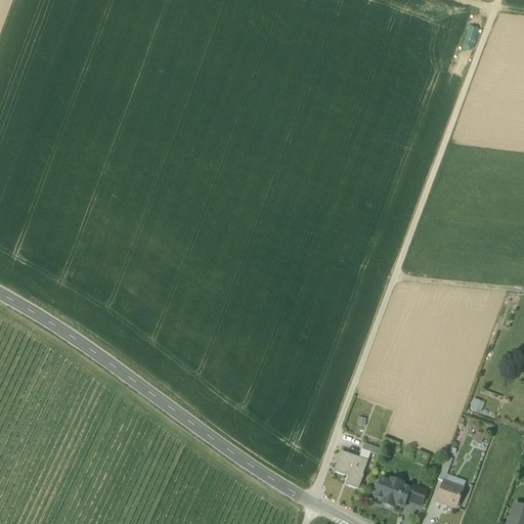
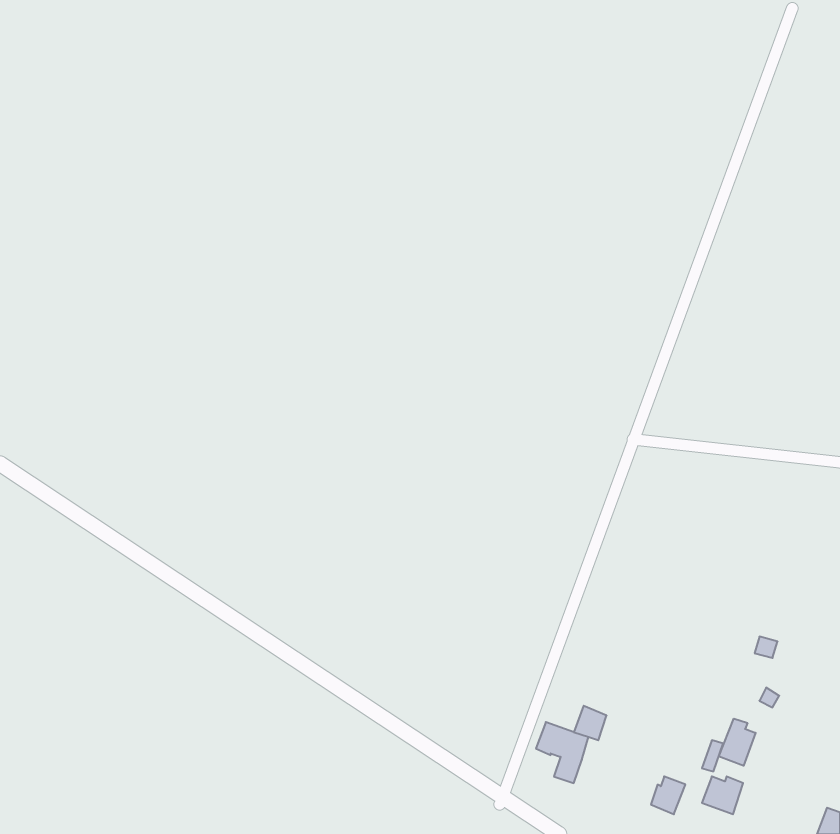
building: none -> [719,719,756,766]
building: [375,476,410,507] -> none

